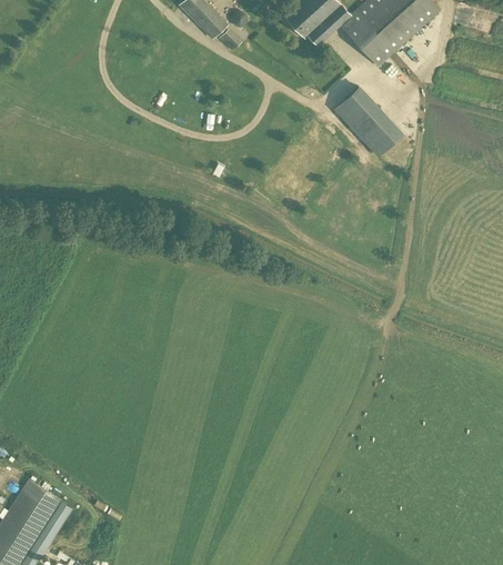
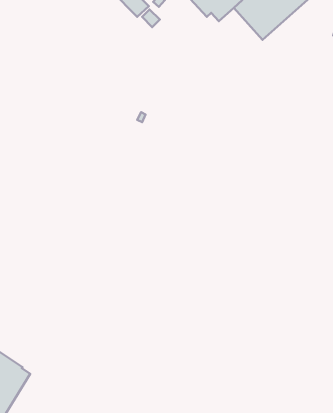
building: [333,83,402,157] -> none

